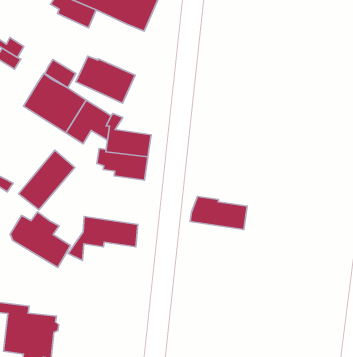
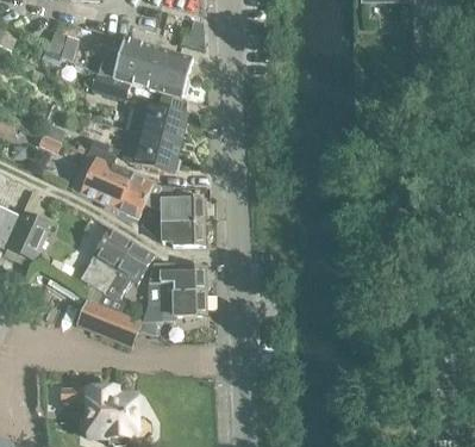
building: none -> [125,92,186,142]
building: none -> [101,243,152,300]
building: [190,196,247,229] -> [149,265,204,291]

